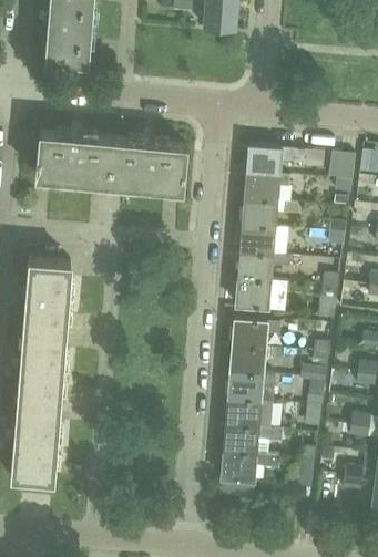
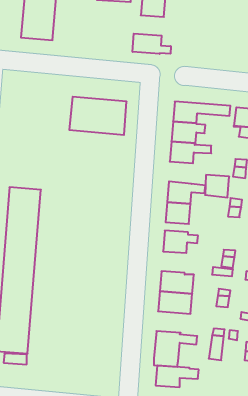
building: none -> [133,34,171,54]
building: [35,131,113,182] -> none
building: [242,224,274,254] -> [205,175,229,197]
building: [232,343,269,372] -> none
building: [225,423,283,452] -> [156,365,199,387]

